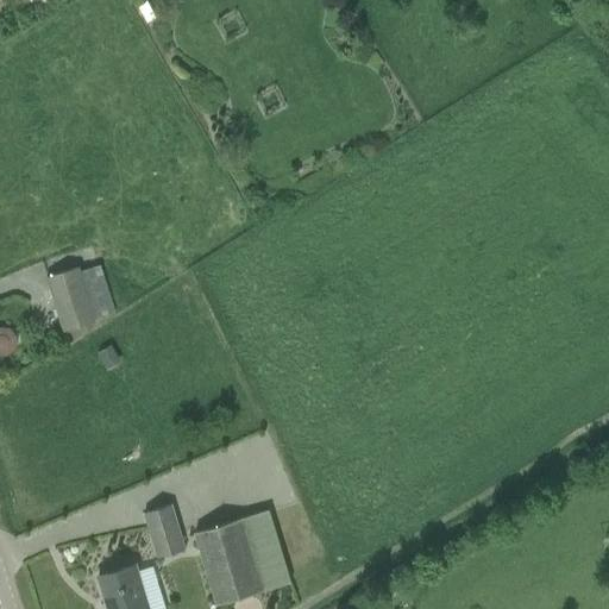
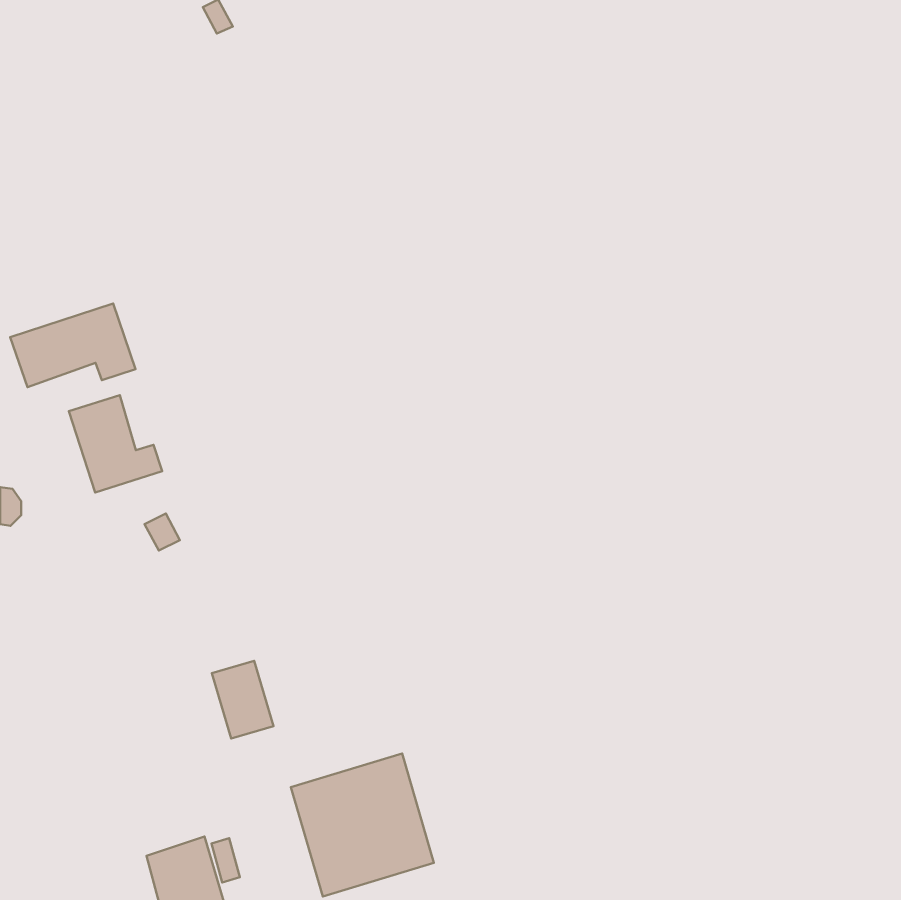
building: none -> [10,303,136,387]
building: [143,508,184,560] -> [212,661,274,738]

